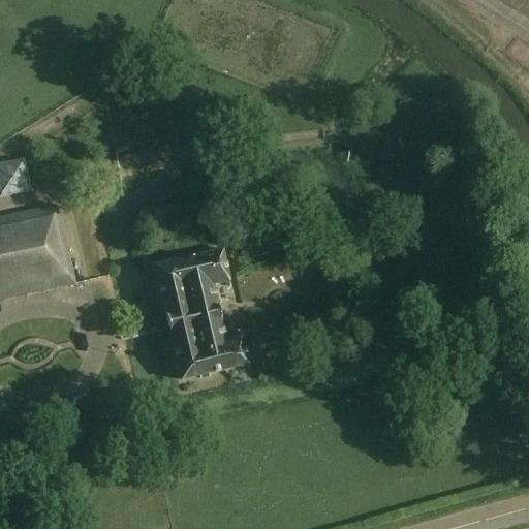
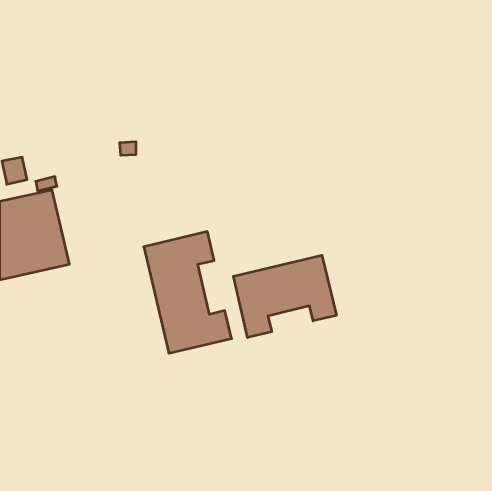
building: none -> [233,255,336,338]

